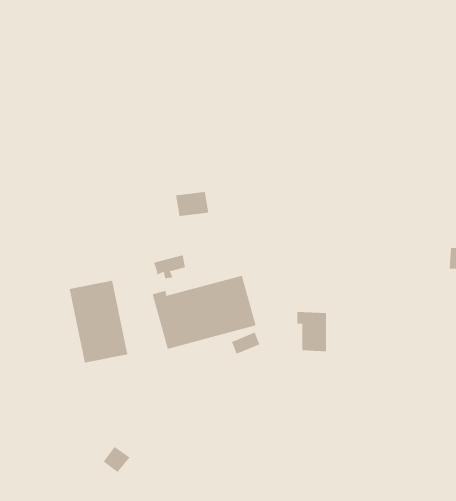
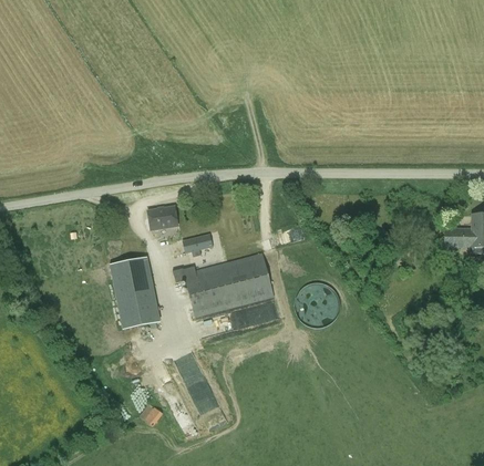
building: [175,191,209,217] -> [147,207,177,229]

